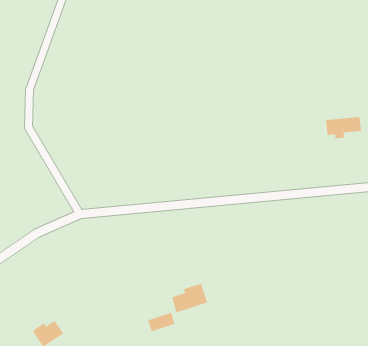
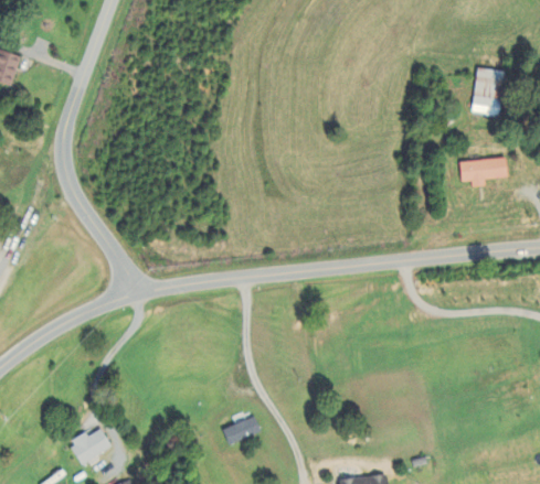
building: none -> [472,68,504,116]
building: [171,283,208,313] -> none

